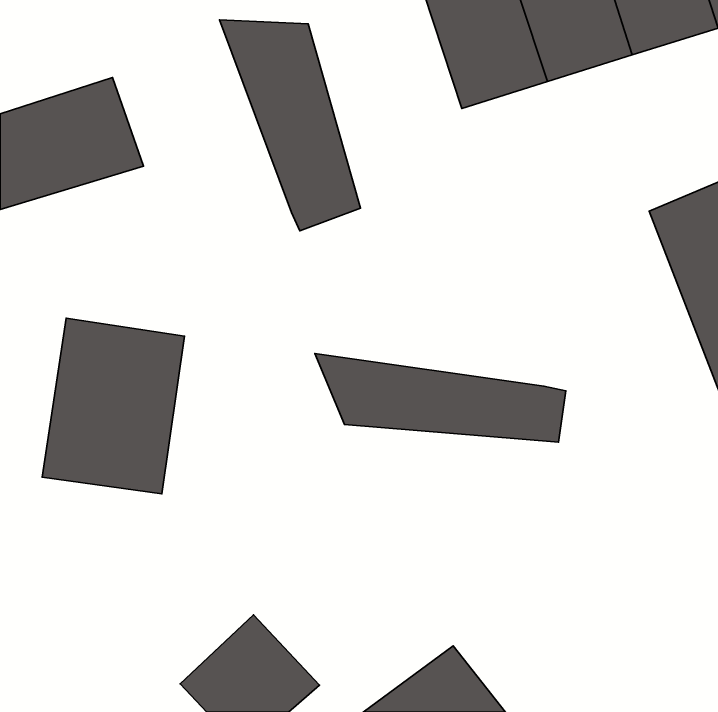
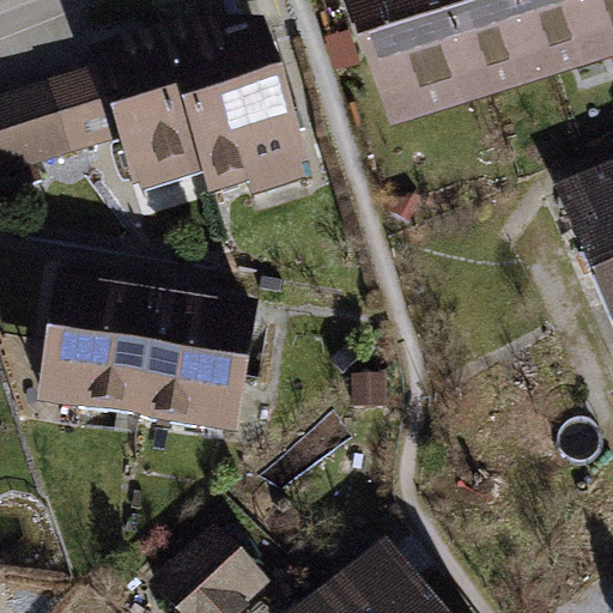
building: none -> [90,17,249,195]
building: none -> [139,286,259,435]
building: [315,354,566,442] -> none

